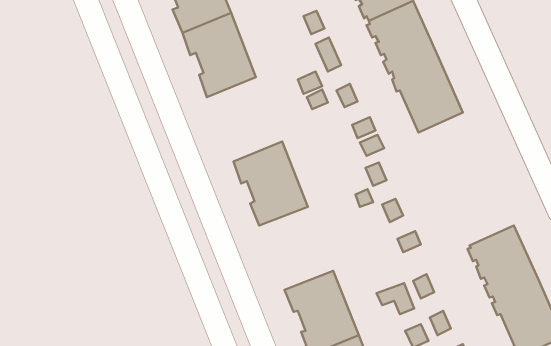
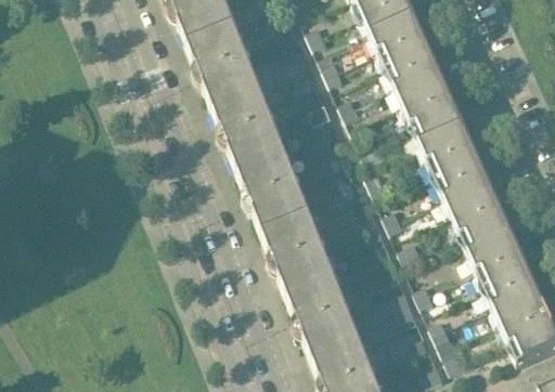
building: none -> [214,91,287,173]
building: none -> [420,126,514,256]
building: none -> [264,218,337,299]

